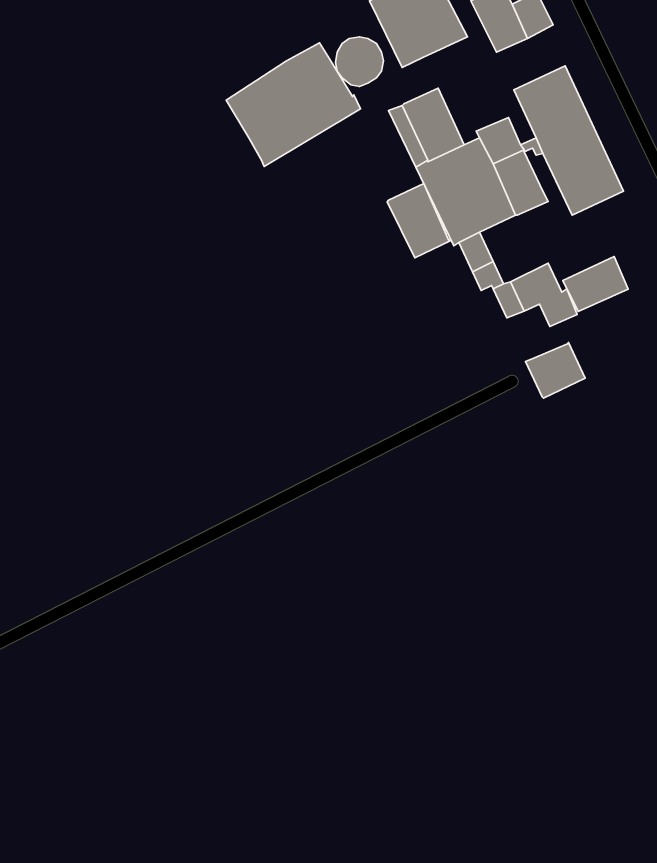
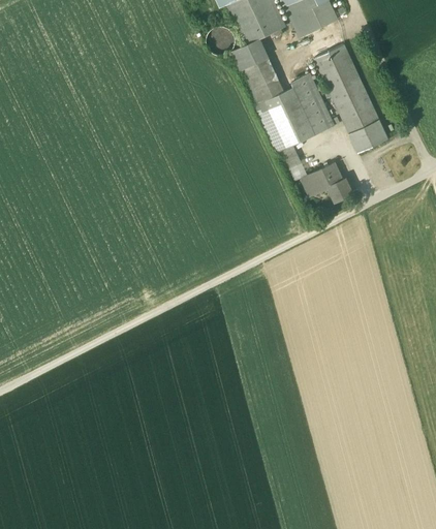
building: [226,43,361,166] -> none
building: none -> [229,38,268,70]
building: [387,183,450,258] -> none
building: [563,257,628,311] -> [348,119,387,152]
building: [526,343,585,398] -> none

